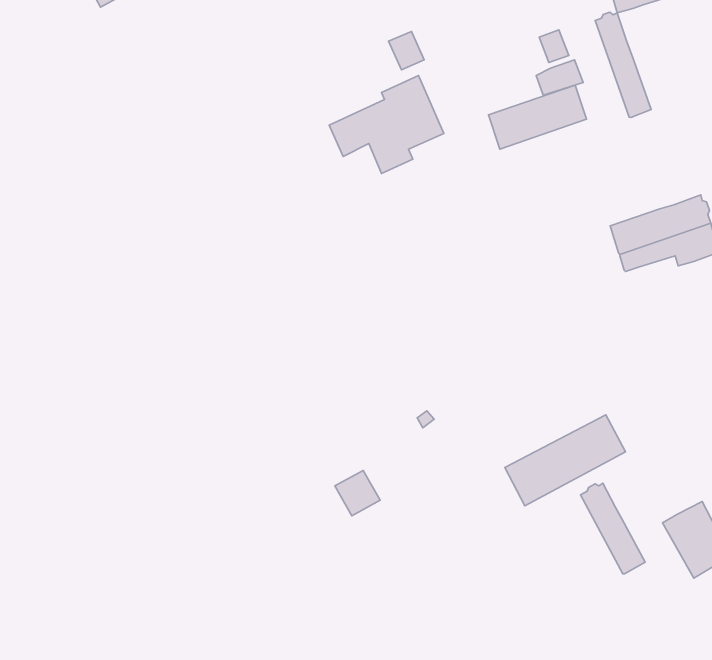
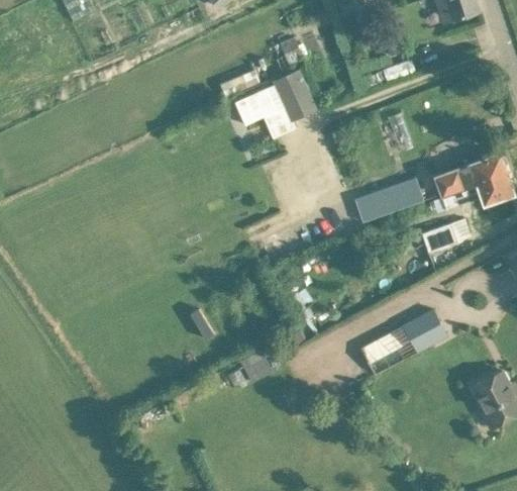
building: [595,12,651,118] -> none
building: [488,85,586,149] -> [353,177,423,222]
building: none -> [422,224,456,252]
building: [581,483,645,574] -> none

